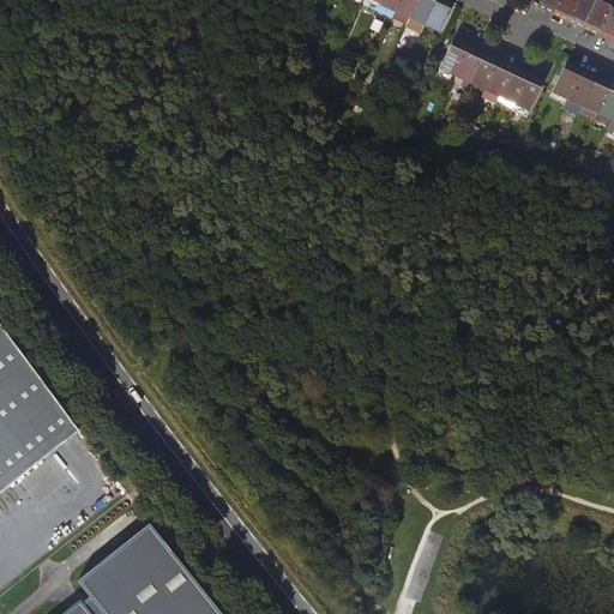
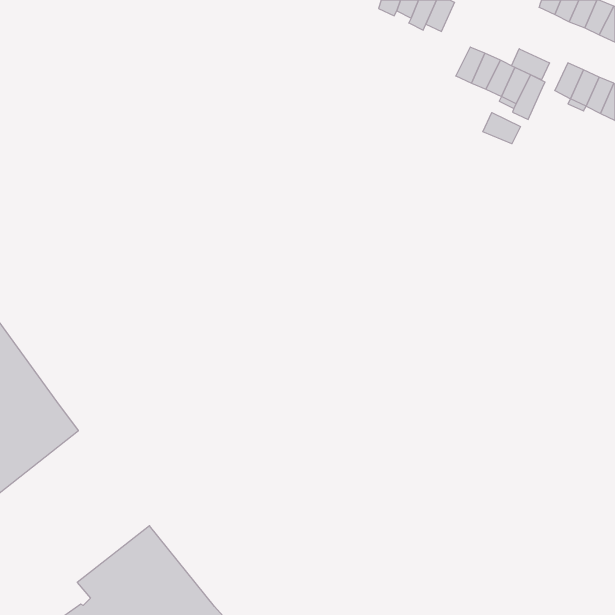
building: [438,40,468,77] -> none
building: none -> [511,49,549,80]
building: none -> [483,113,520,144]

